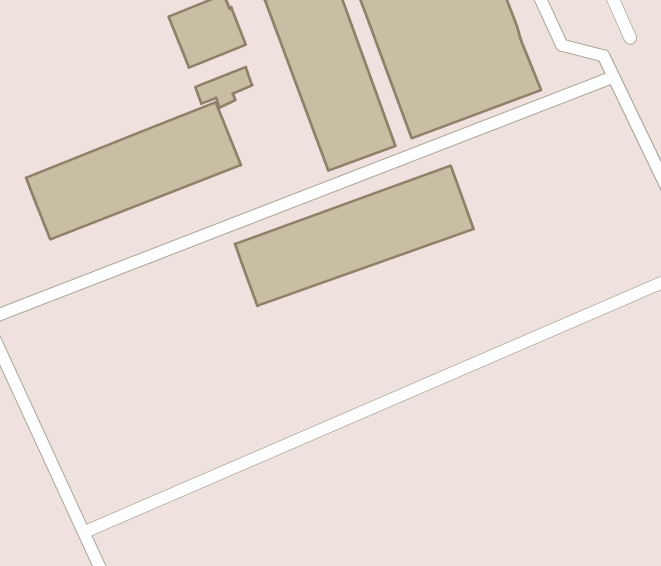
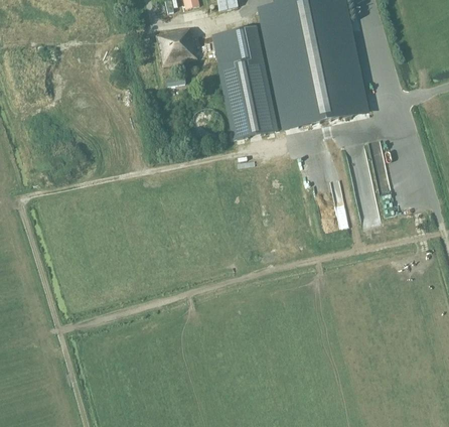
building: [26,102,241,239] -> none
building: [235,166,474,306] -> none

